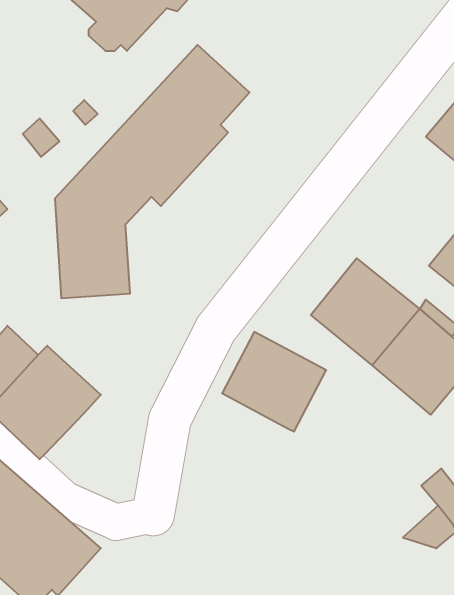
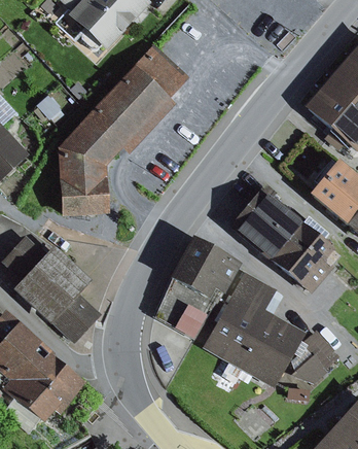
building: none -> [204,273,305,386]
building: none -> [154,279,214,340]
building: none -> [50,292,100,342]

